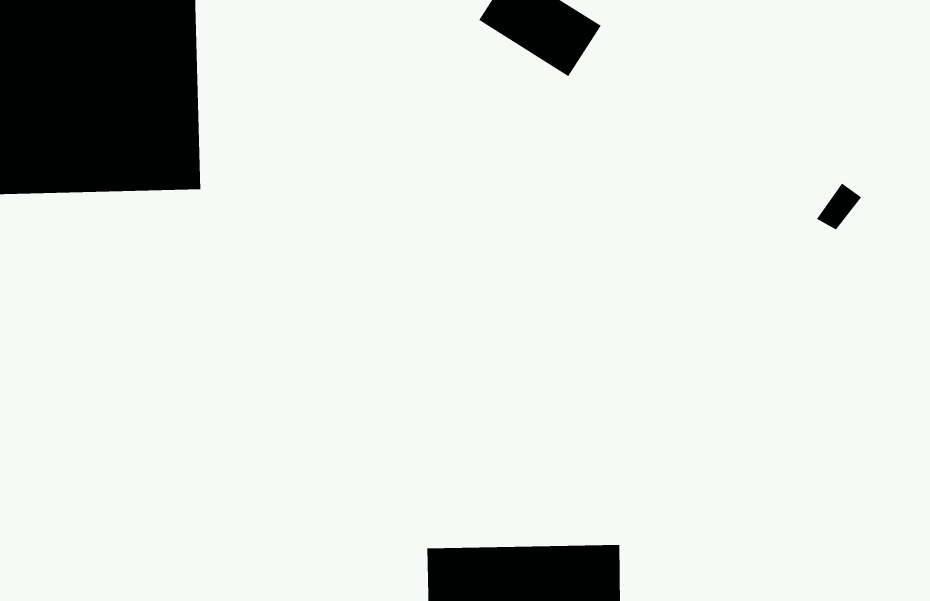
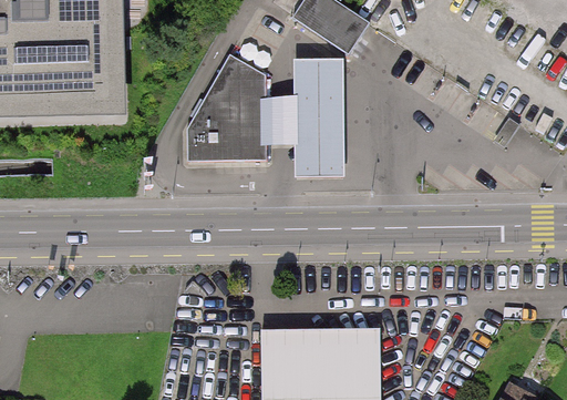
building: none -> [189,54,344,176]

